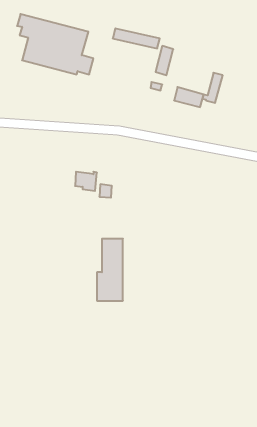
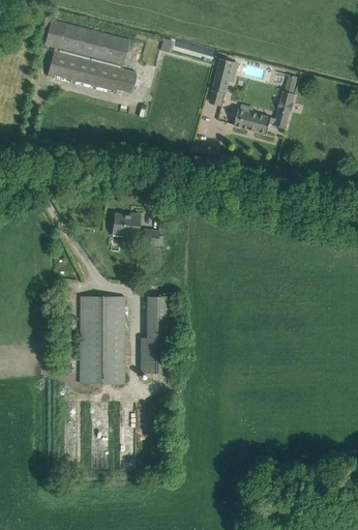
building: none -> [80,296,124,383]

